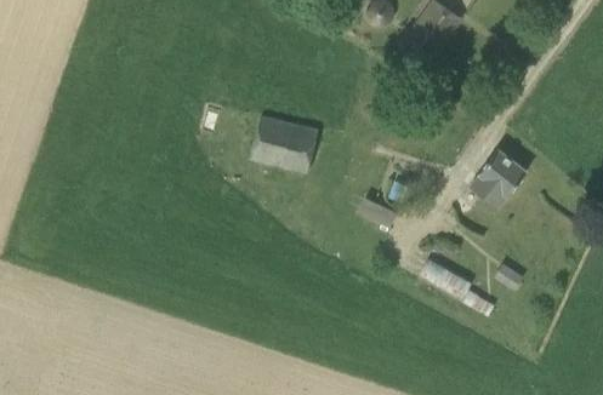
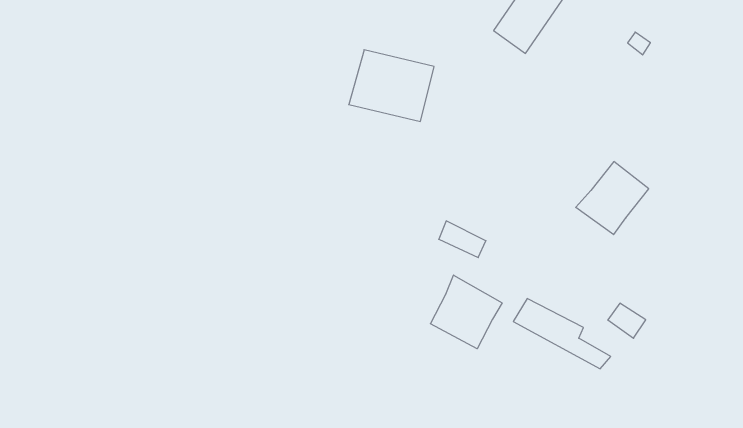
building: [250,115,318,172] -> [349,50,434,121]
building: none -> [430,275,502,349]

